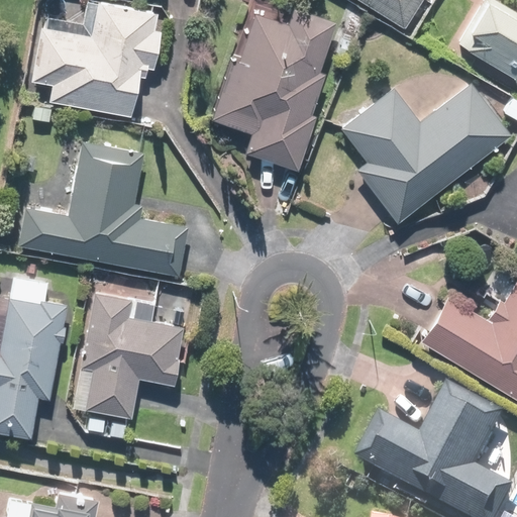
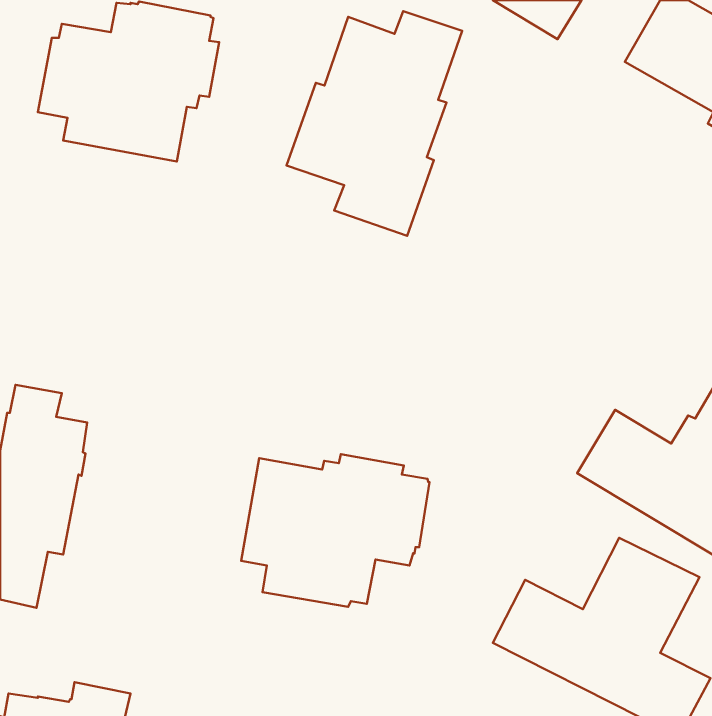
building: [340,83,511,223] -> none
building: [18,142,188,277] -> none
building: [74,293,183,418] -> none
building: none -> [241,454,430,607]

